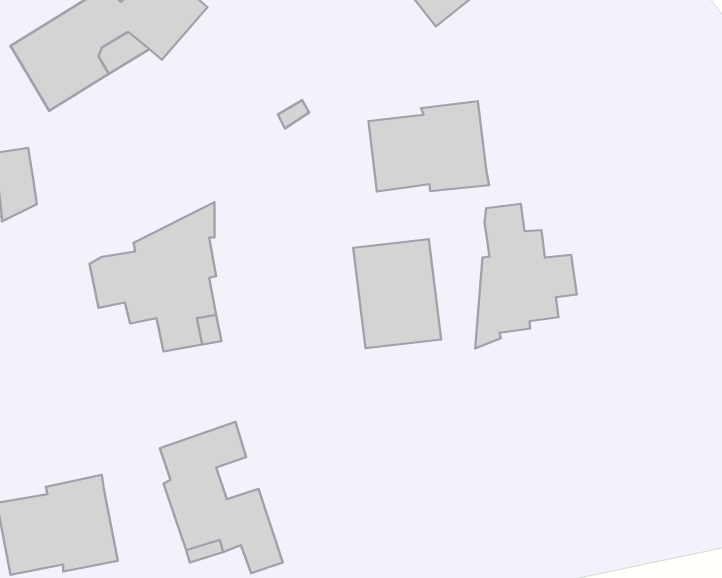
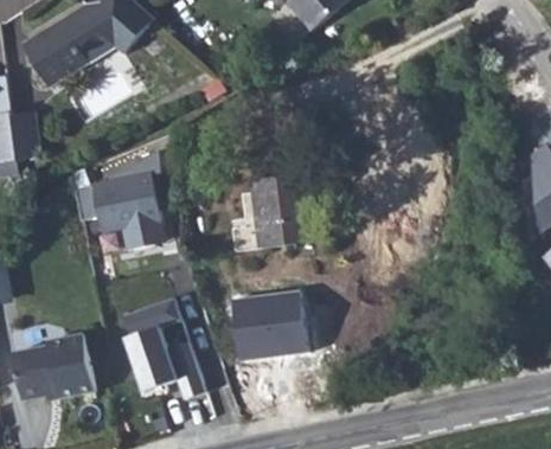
building: [368,101,489,192] -> none
building: [475,204,577,348] -> none
building: none -> [226,290,306,359]

